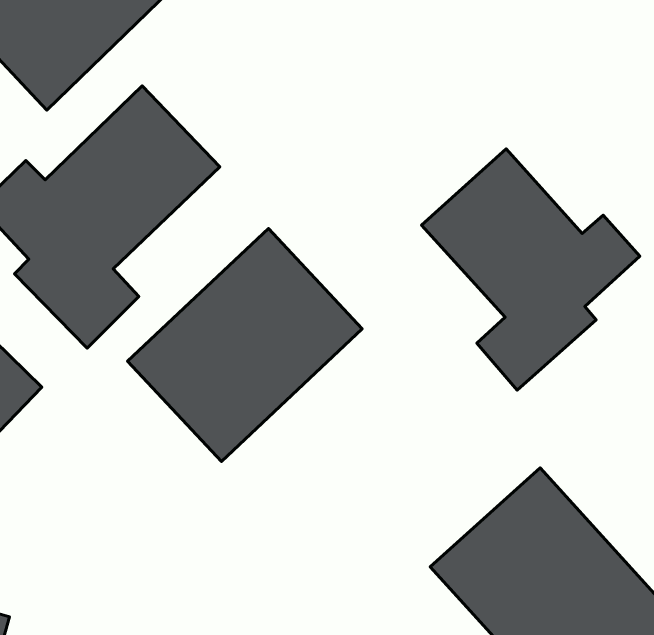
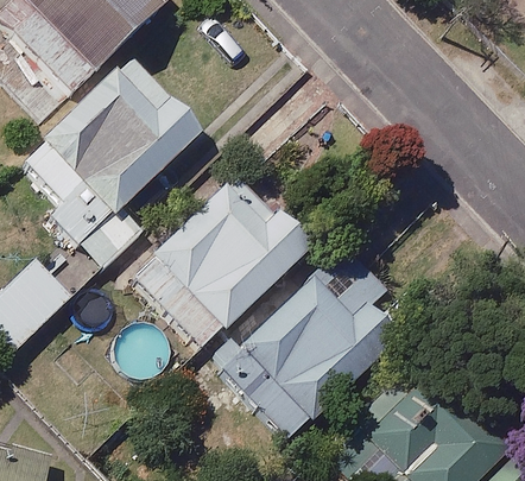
building: [422,149,640,390] -> none
building: none -> [217,243,390,436]

